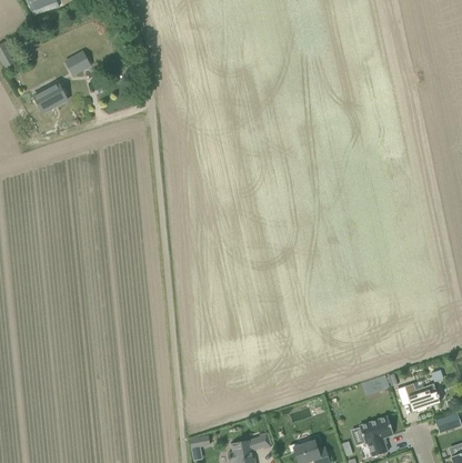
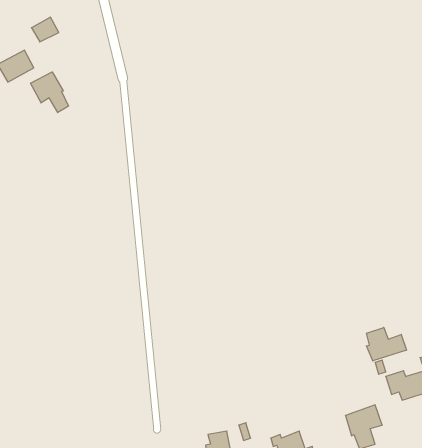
building: none -> [31,72,68,113]
building: none -> [367,327,406,361]

